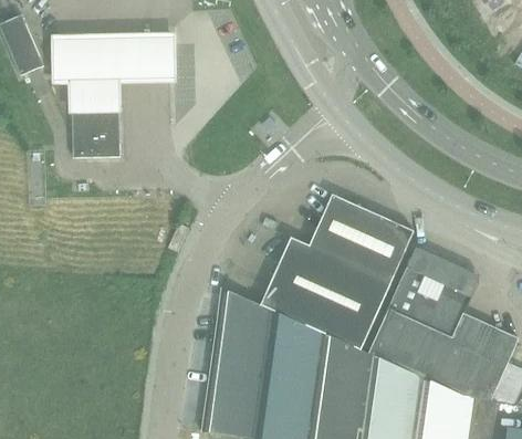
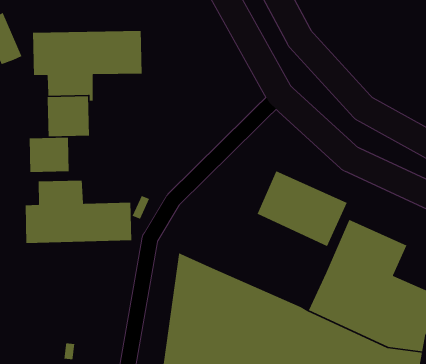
building: none -> [29,137,70,173]
building: none -> [25,180,132,244]
building: [260,236,390,349] -> none

